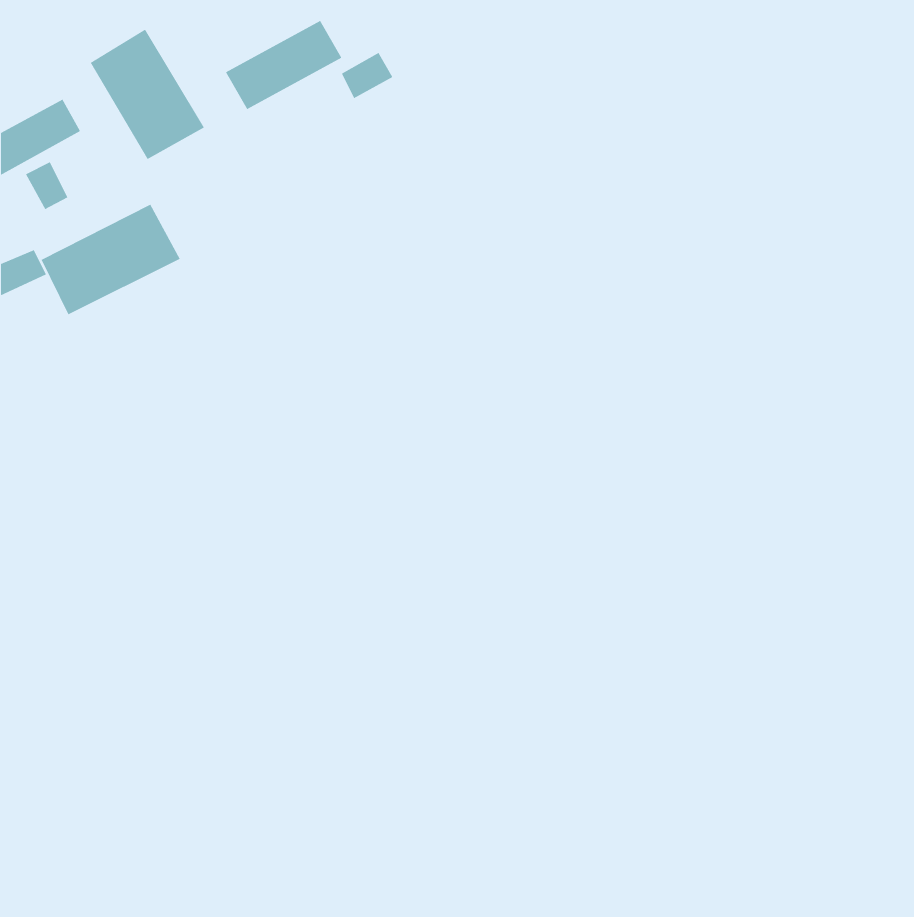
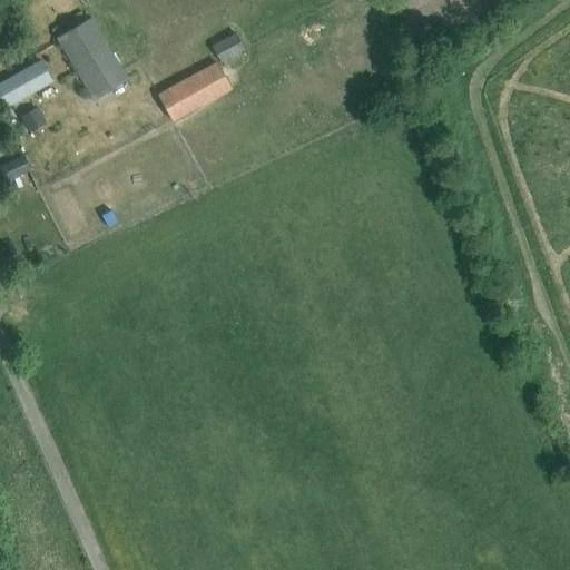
building: [225,20,342,110] -> [159,63,232,119]
building: [41,204,180,315] -> none

